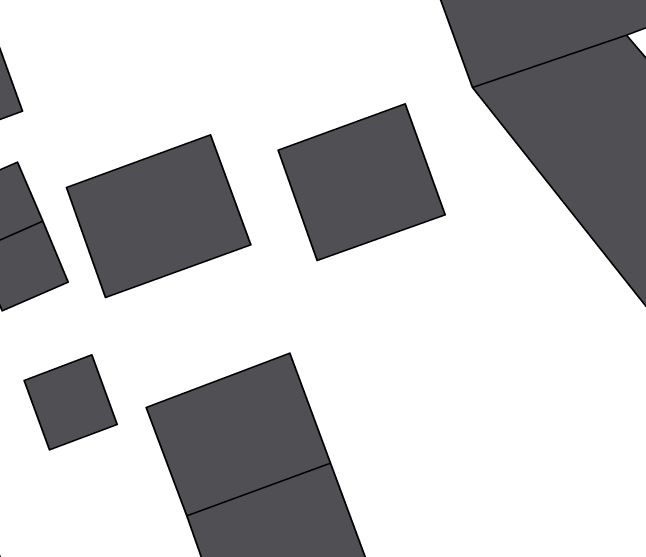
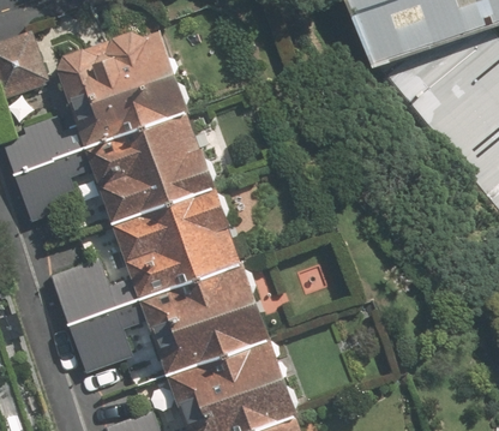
building: none -> [50,23,181,138]
building: [278,104,445,260] -> none
building: none -> [107,179,238,294]
building: none -> [67,306,133,375]

